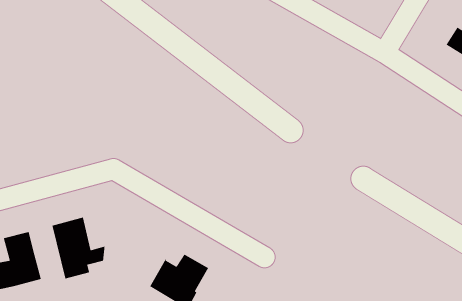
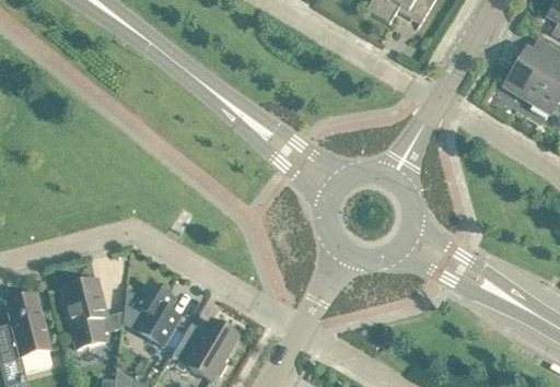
building: none -> [124,281,180,344]

